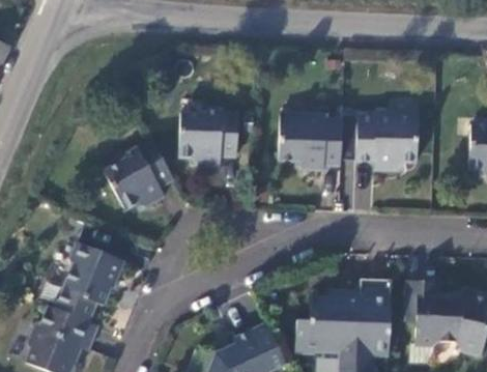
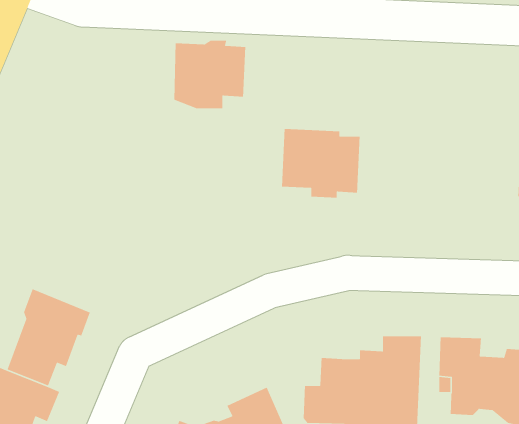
building: [355,109,419,170] -> none
building: [179,110,238,166] -> [173,40,246,109]
building: [104,143,174,209] -> none

